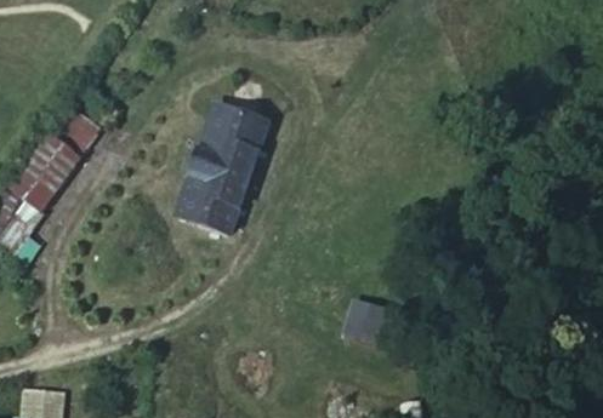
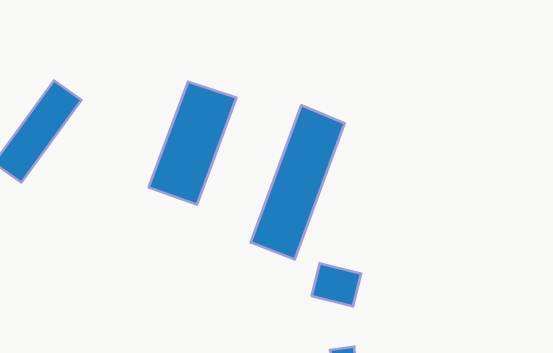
building: none -> [251,105,344,259]

